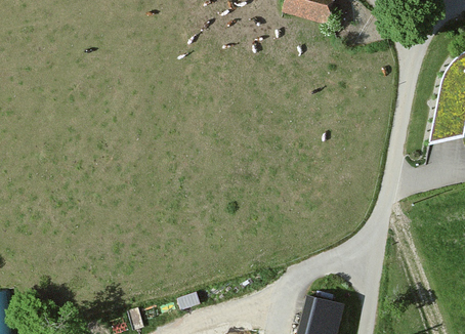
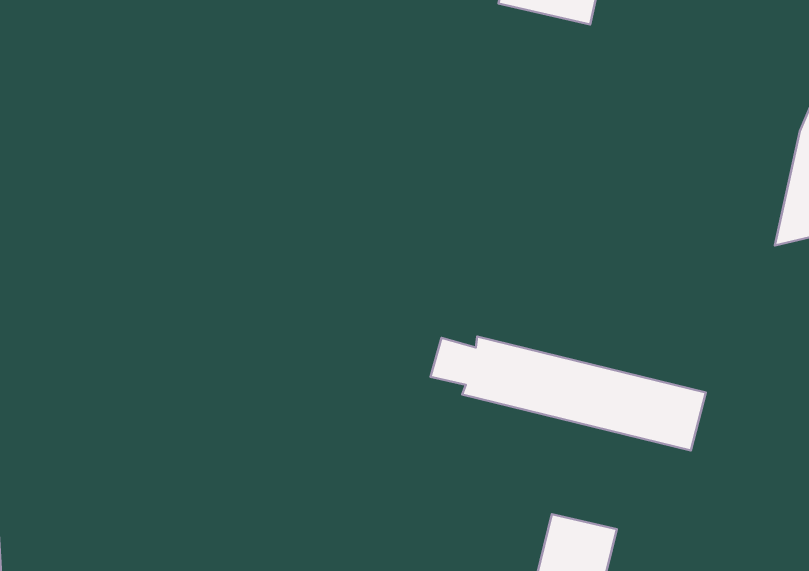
building: none -> [431,337,706,450]

